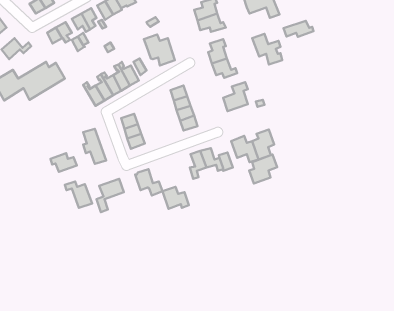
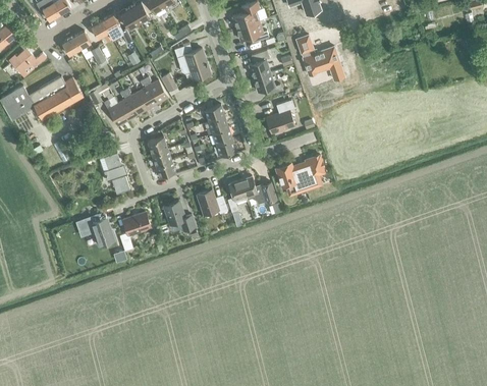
building: [283,21,314,37] -> none
building: [51,153,77,172] -> none
building: [249,154,277,183] -> none
building: [162,187,189,209] -> [197,189,227,215]

